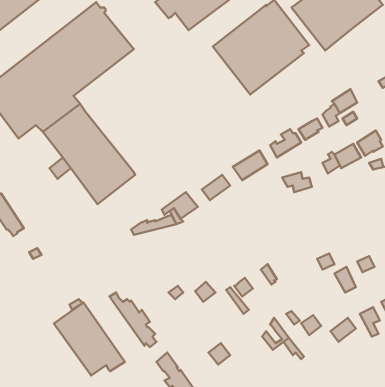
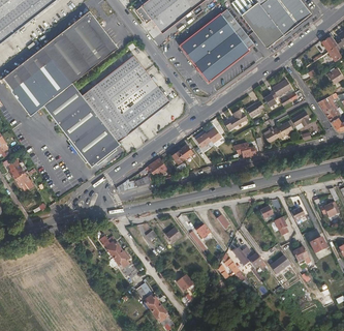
building: none -> [81,55,169,142]
building: [54,303,125,376] -> none

